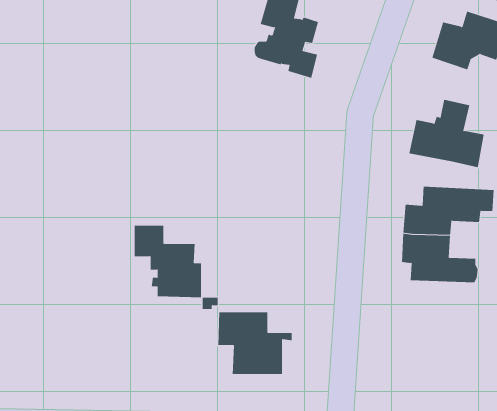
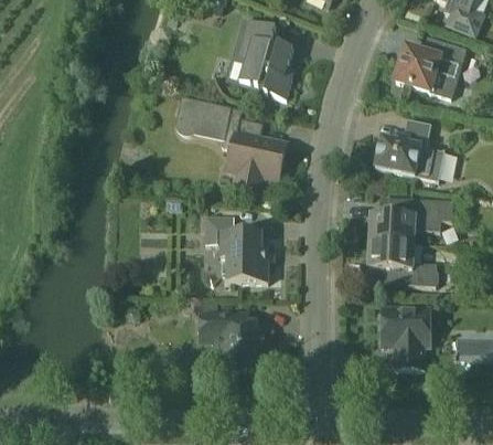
building: none -> [176,96,285,191]
building: [134,225,202,298] -> [205,215,267,282]
building: none -> [381,306,429,369]

